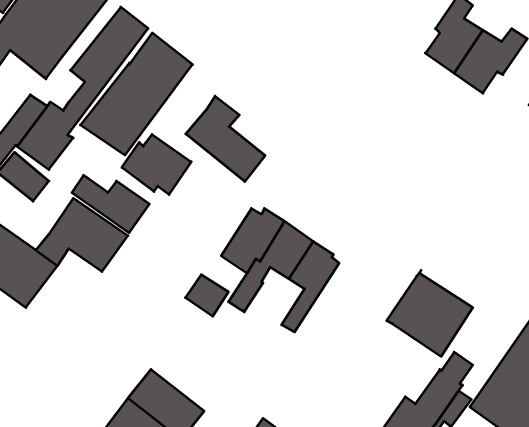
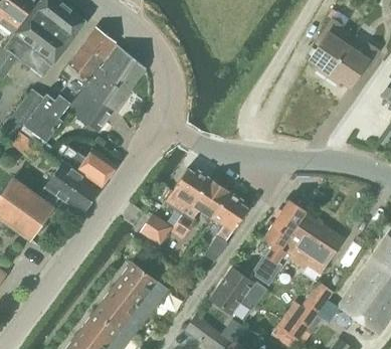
building: [186,96,265,182] -> none
building: [122,134,191,195] -> none
building: none -> [259,201,306,278]
building: none -> [117,261,169,311]
building: none -> [210,269,267,314]

